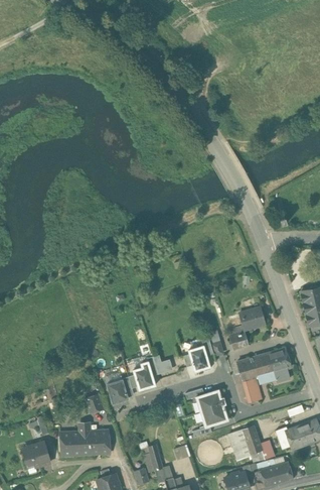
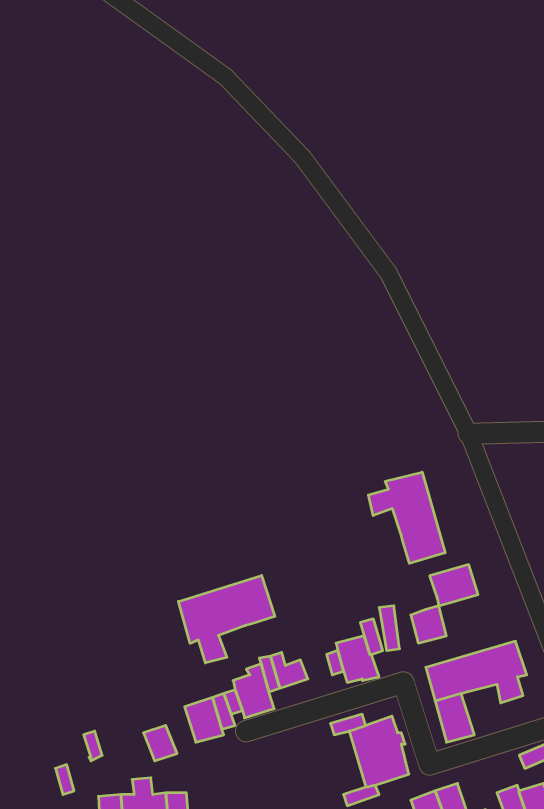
building: none -> [368,472,445,563]
building: none -> [178,575,275,663]

